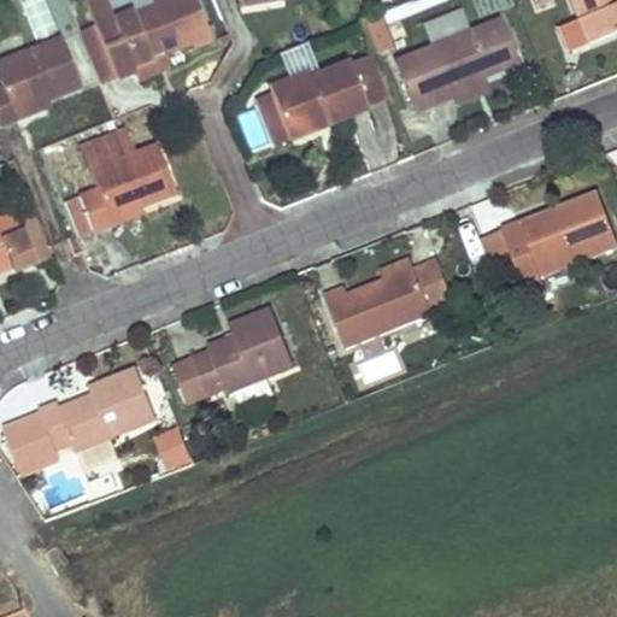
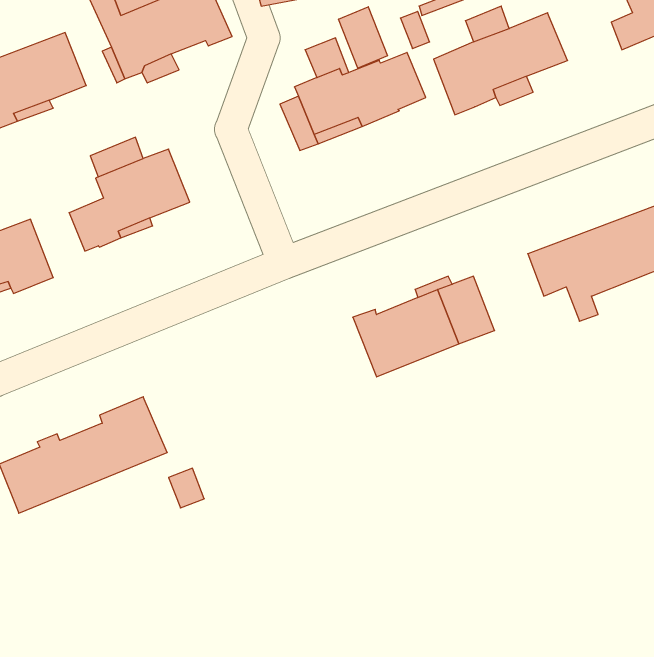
building: none -> [339,7,388,68]
building: [174,307,293,402] -> none

